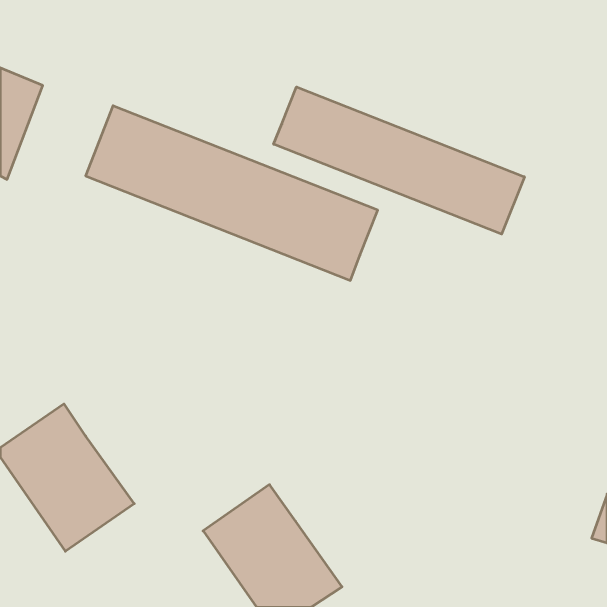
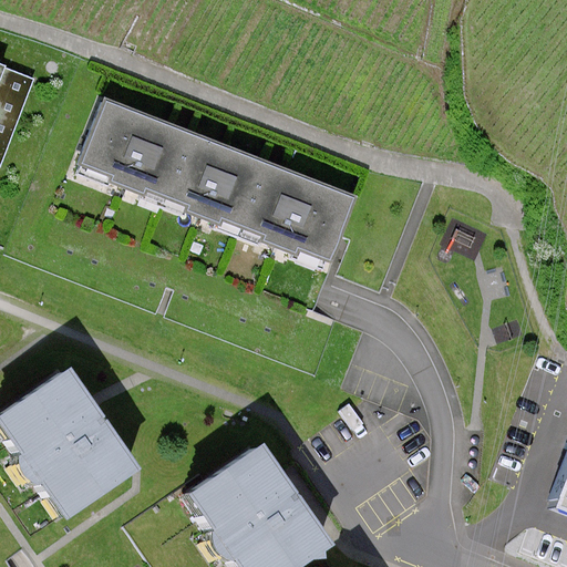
building: [274,87,524,234] -> none

